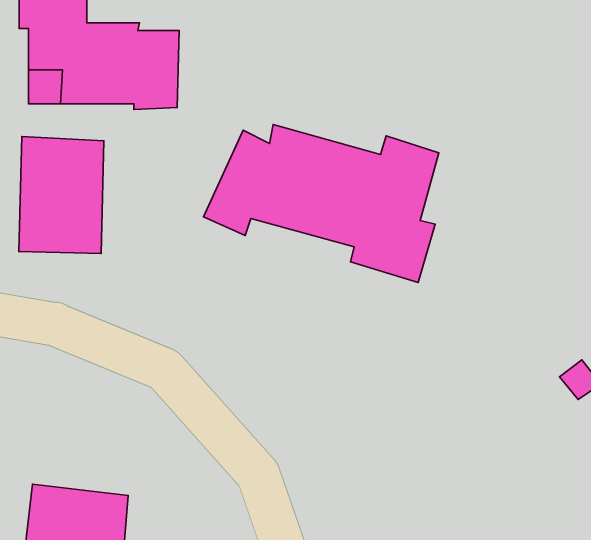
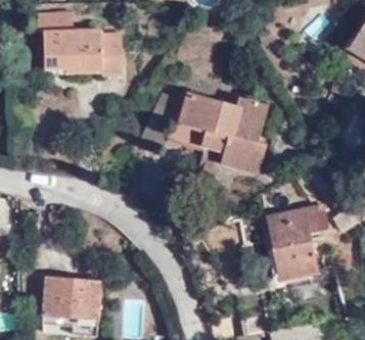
building: [19,136,104,254] -> none
building: none -> [267,209,326,283]

